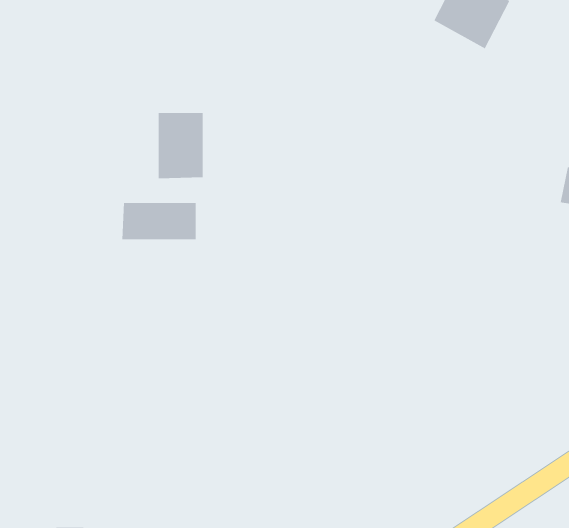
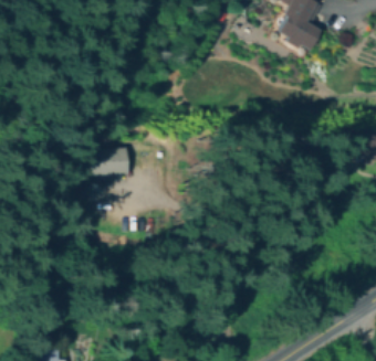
building: [158,112,203,179] -> none

